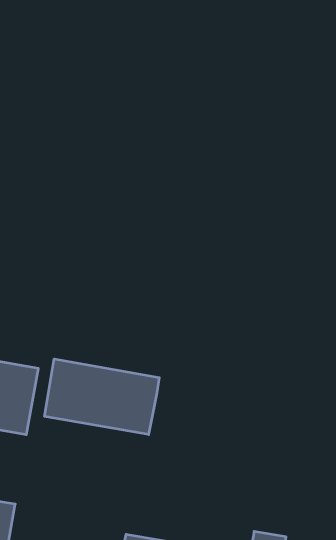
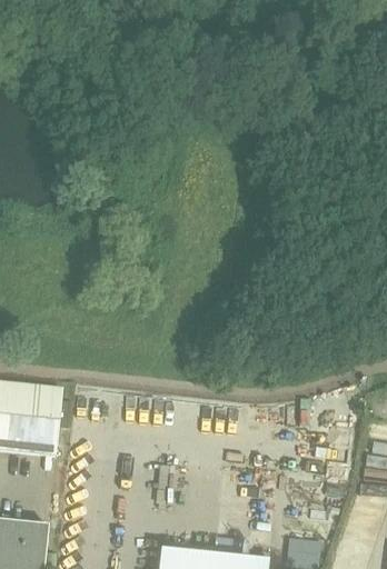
building: [45,359,159,435] -> none

